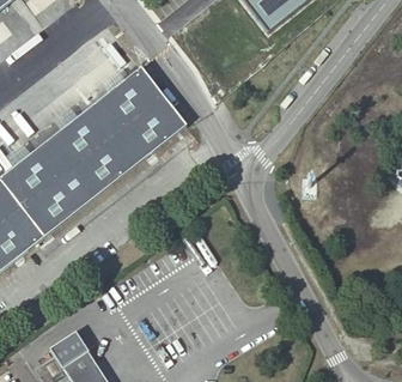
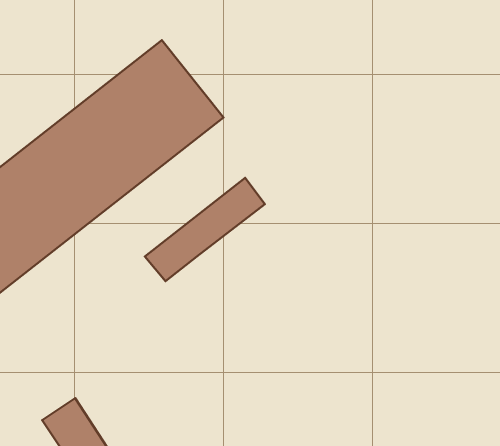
building: none -> [145,178,265,281]

